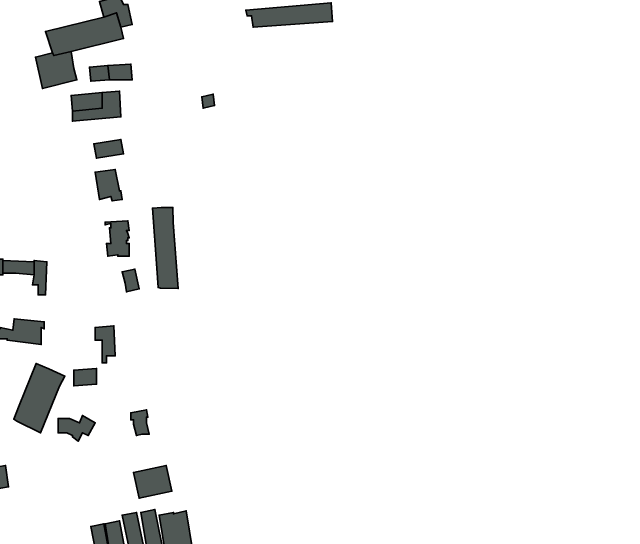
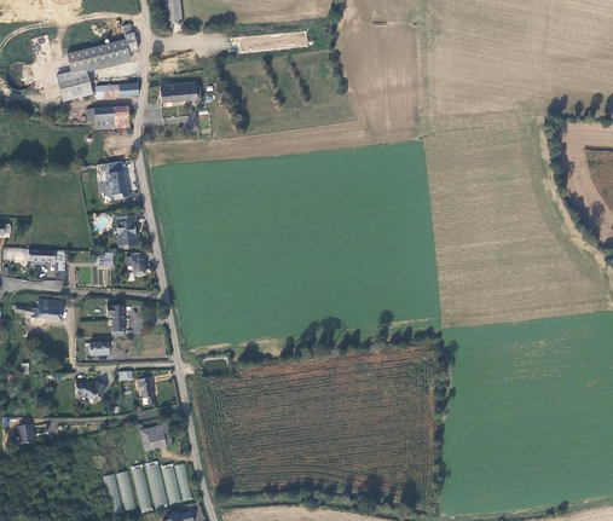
building: none -> [158,81,201,103]
building: [152,208,178,289] -> none
building: [14,363,65,433] -> none

